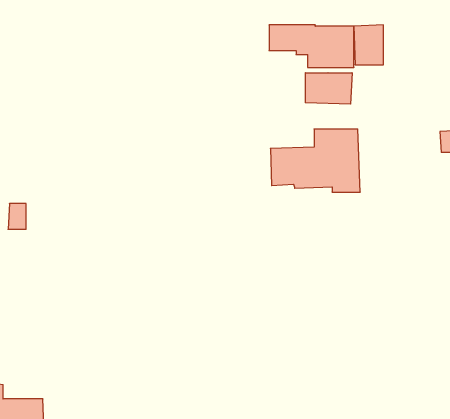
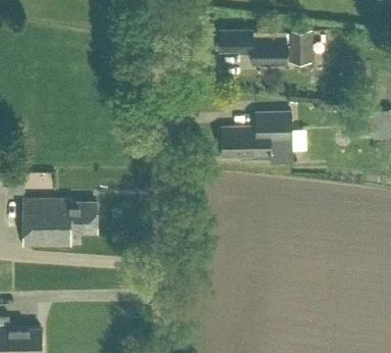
building: [305,73,352,104] -> none
building: none -> [22,198,96,246]

